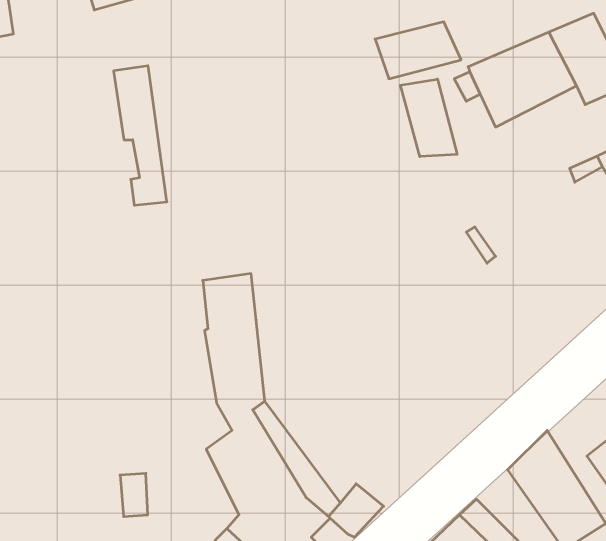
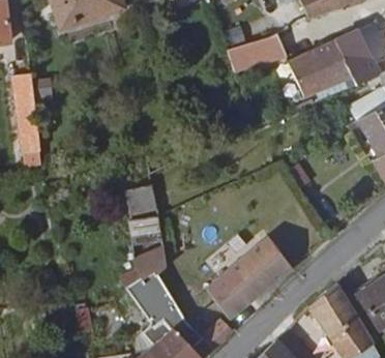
building: [114,66,167,205] -> [13,68,46,152]
building: [400,79,457,157] -> none
building: none -> [203,233,293,314]

